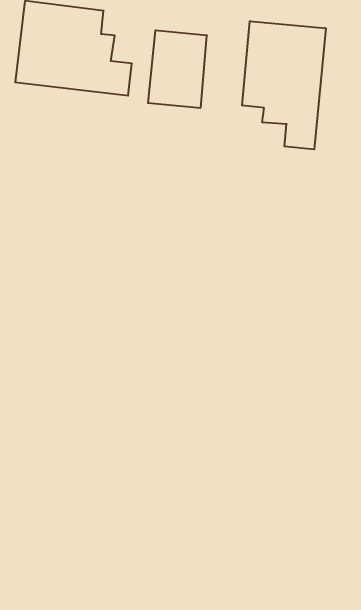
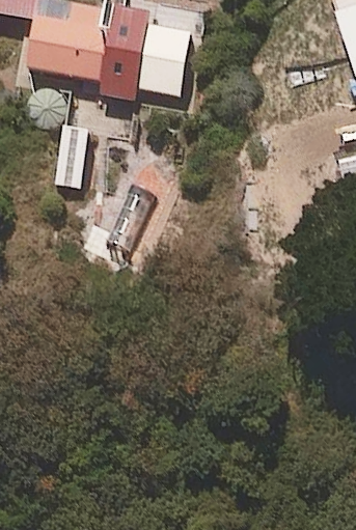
building: [242,21,326,149] -> none

